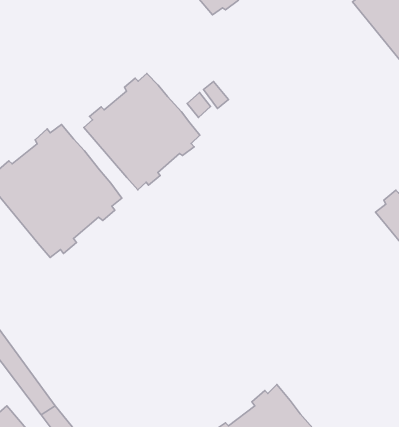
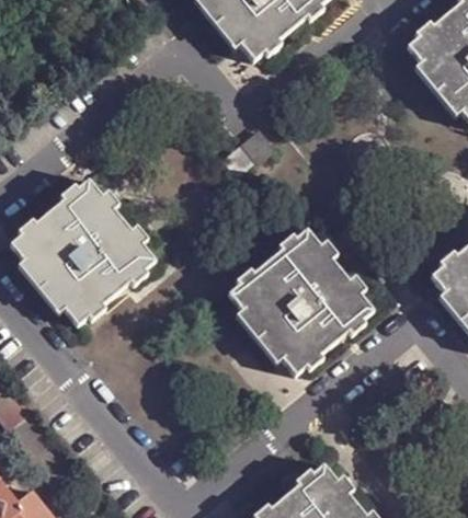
building: [84,74,200,190] -> none
building: none -> [227,231,374,377]

